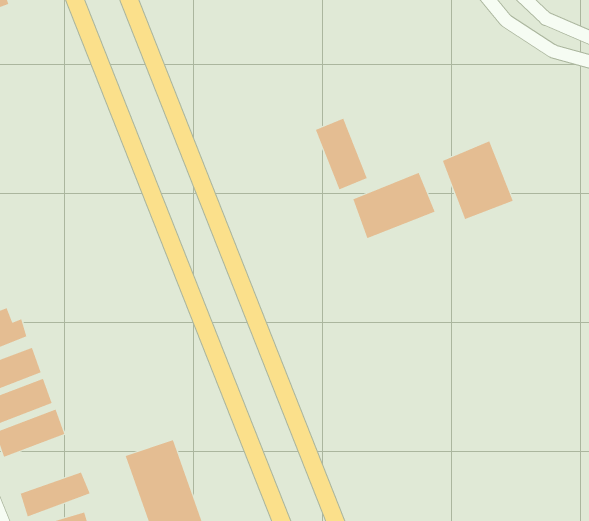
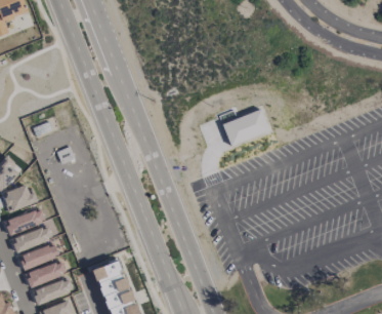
building: [315,118,368,190] -> none
building: [442,141,513,220] -> none
building: none -> [27,260,67,287]

